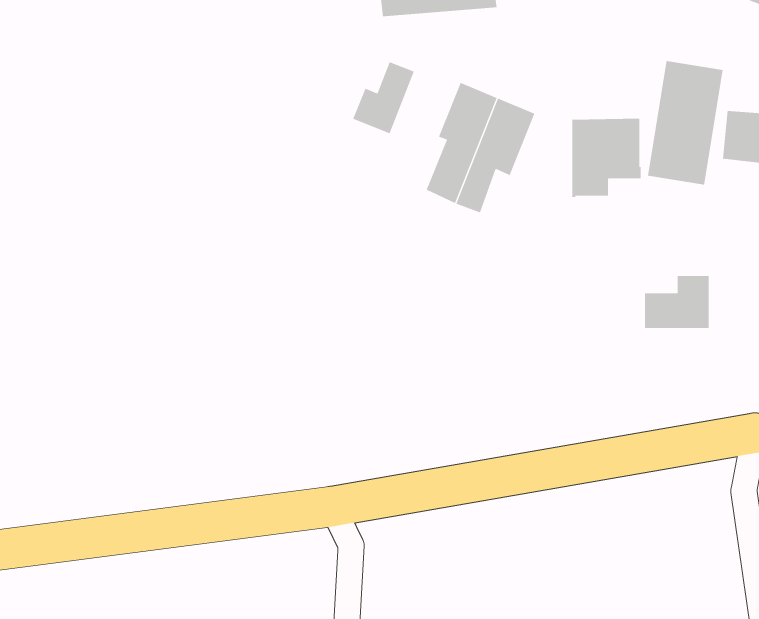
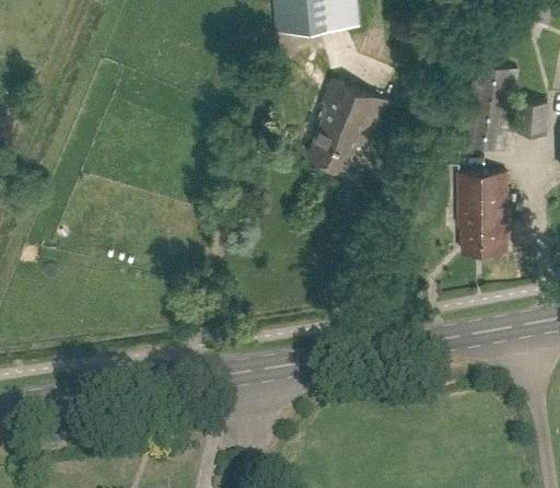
building: [353,61,415,134] -> none
building: [571,118,642,198] -> [457,171,506,226]

